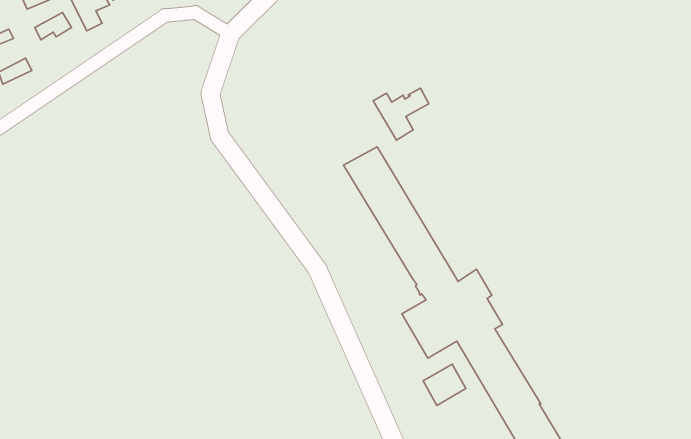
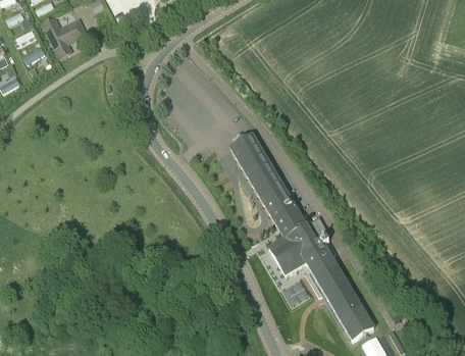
building: [373,88,429,140] -> none

